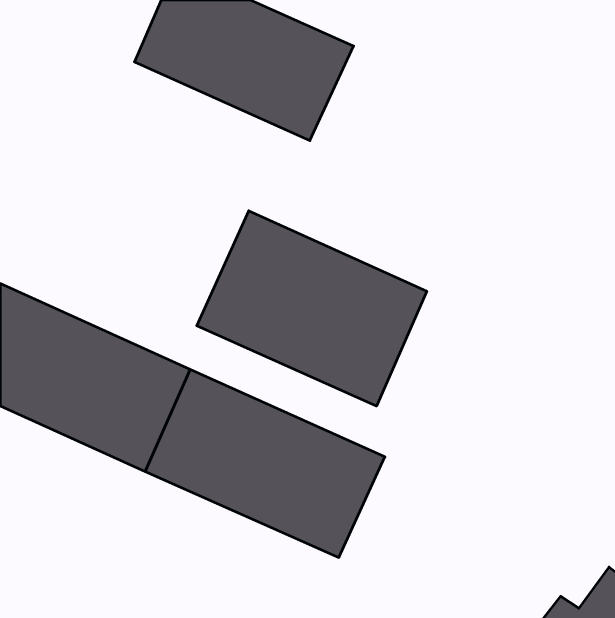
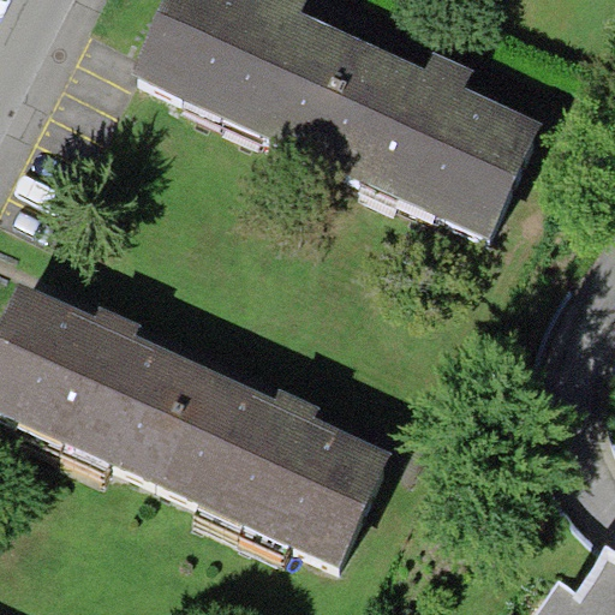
building: none -> [311,47,529,220]
building: [197,211,427,406] -> none

